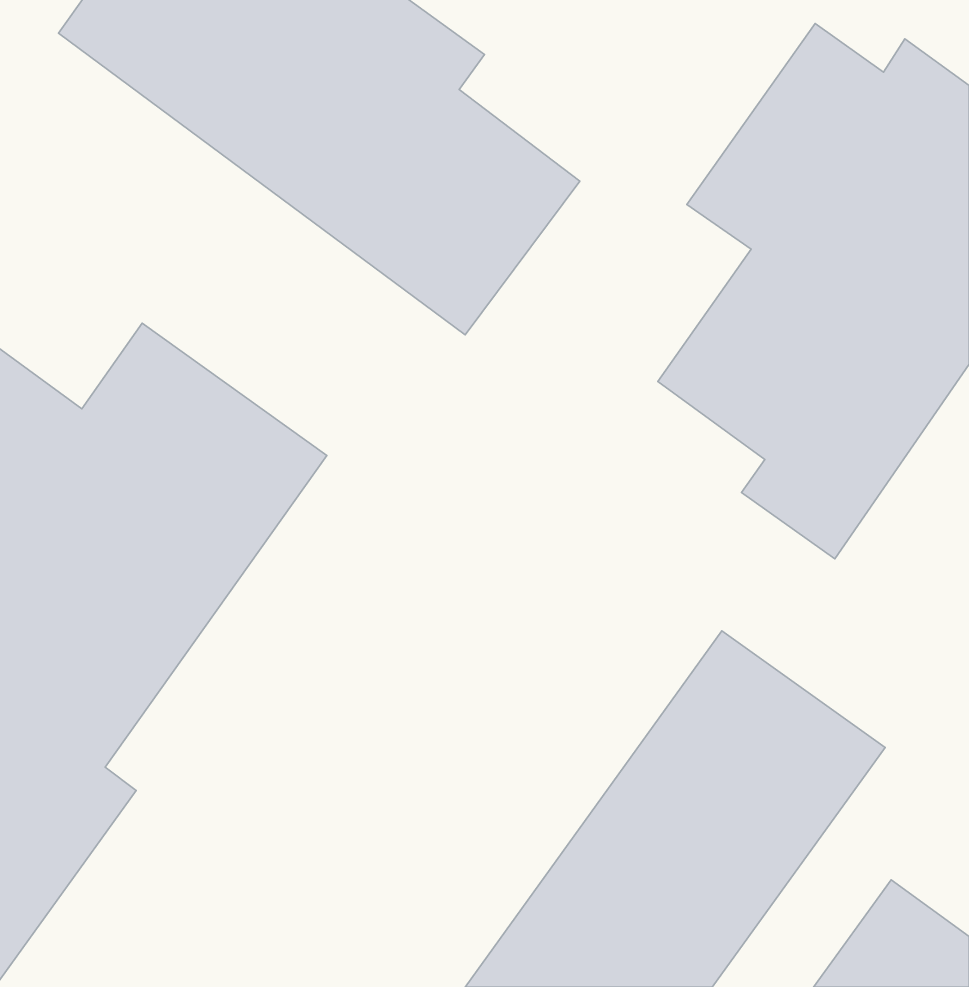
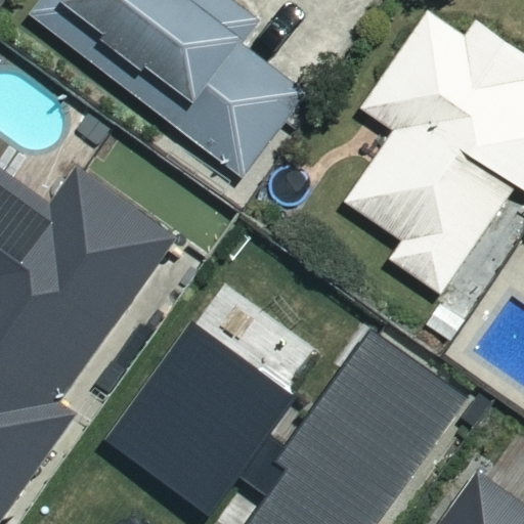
building: none -> [113,323,298,513]

